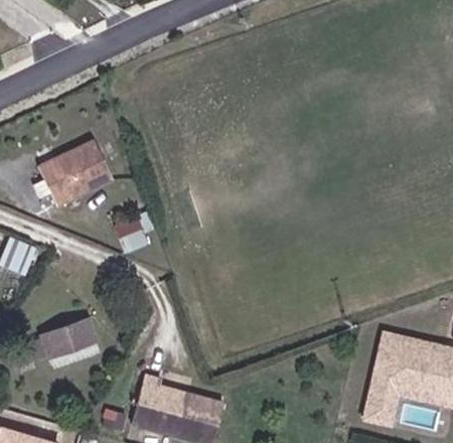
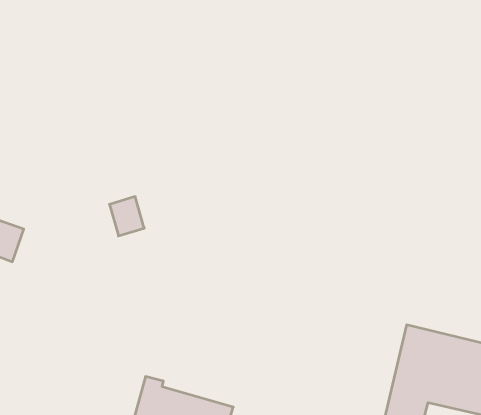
building: [42,136,117,203] -> none
building: [45,313,100,353] -> none

